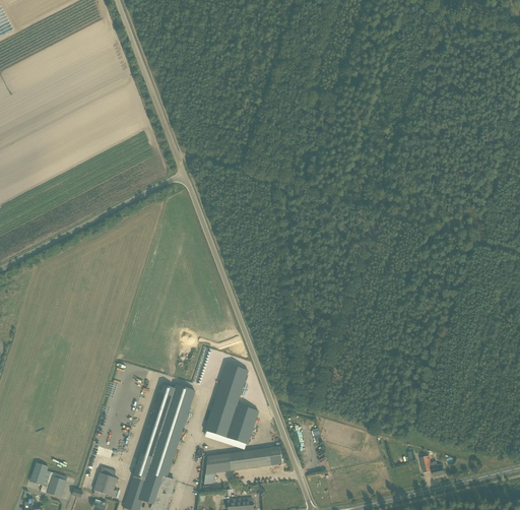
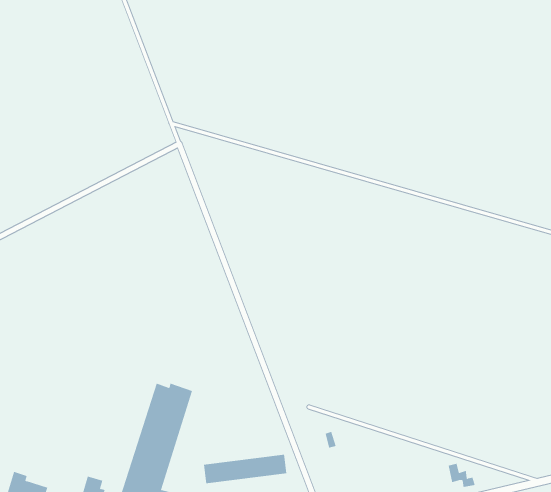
building: [206,365,260,445] -> none

